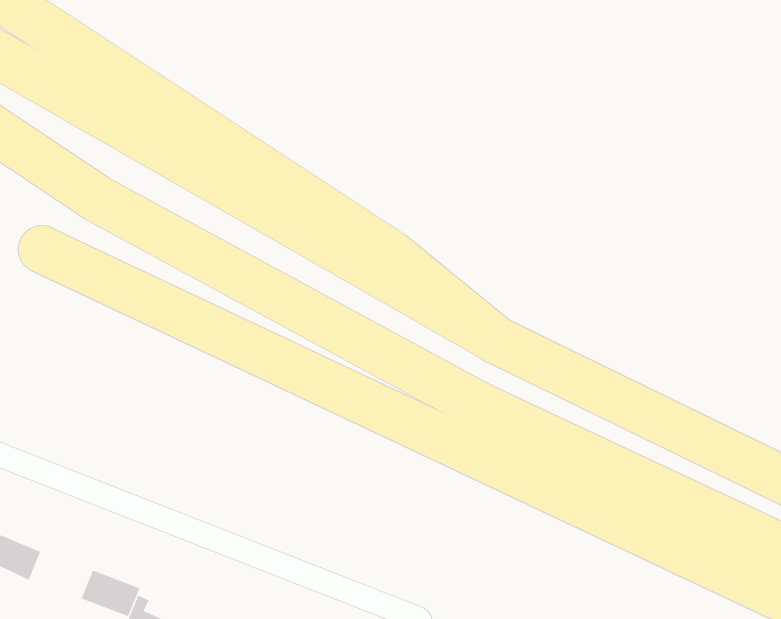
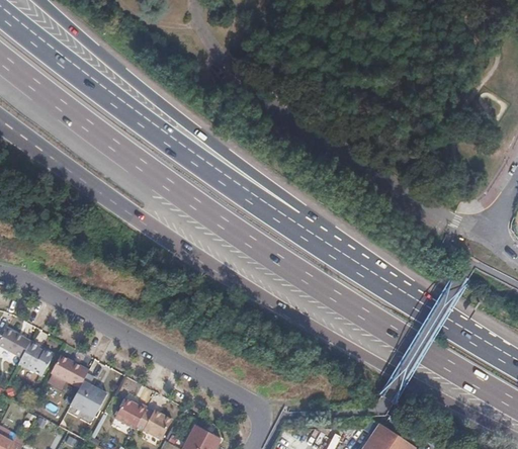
building: none -> [18,342,52,377]

